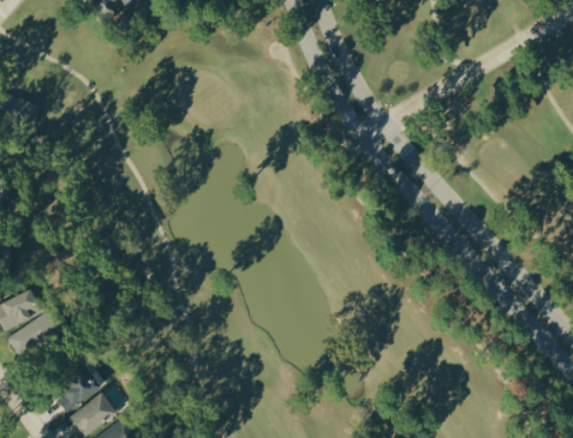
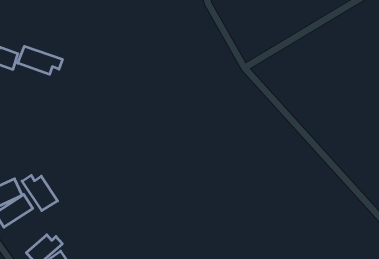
building: none -> [18,46,62,74]
building: none -> [22,175,58,211]

